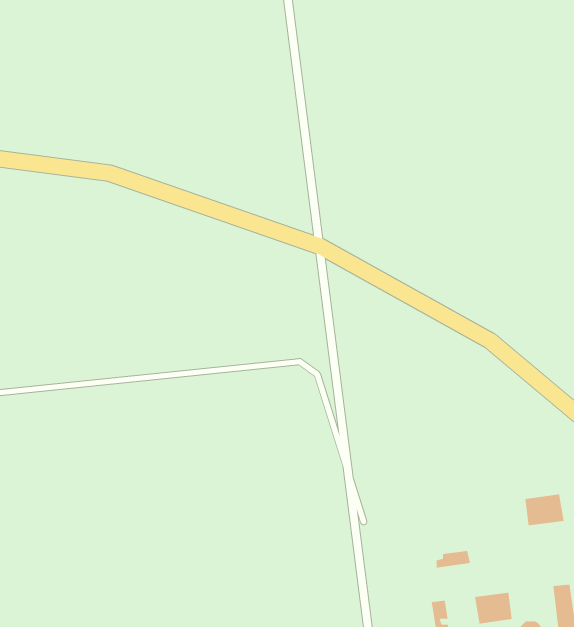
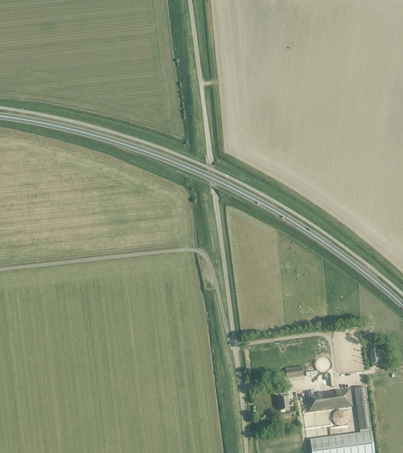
building: [525,494,564,526] -> [327,389,352,409]

